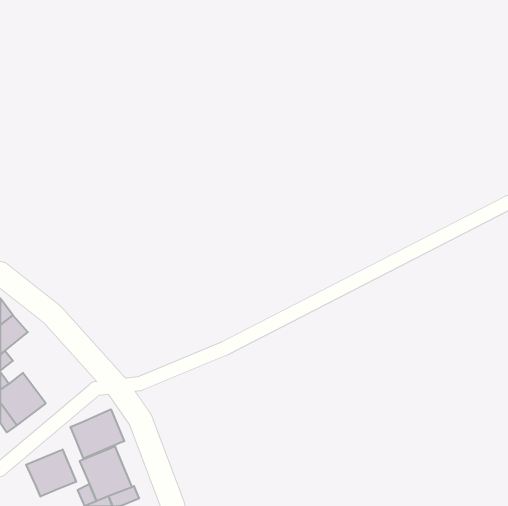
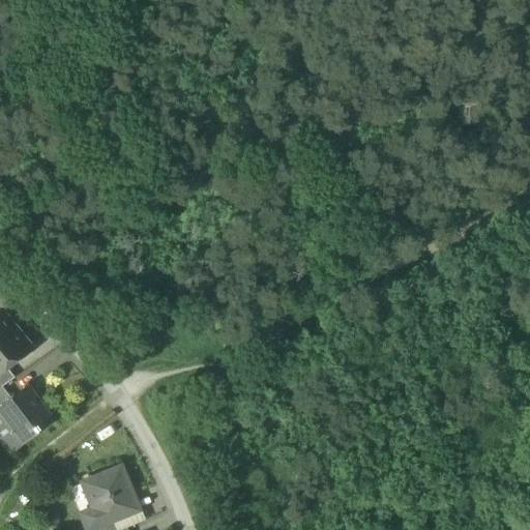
building: [71,409,124,458] -> none
building: [26,449,76,497] -> none

